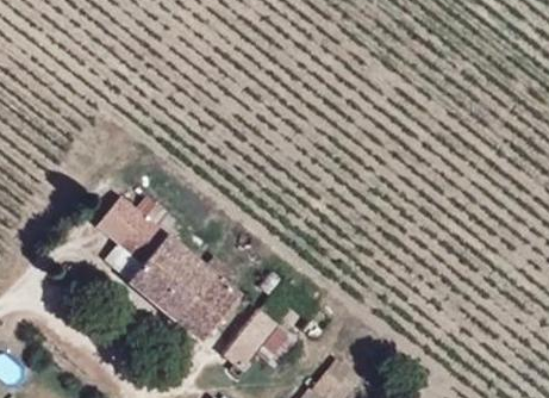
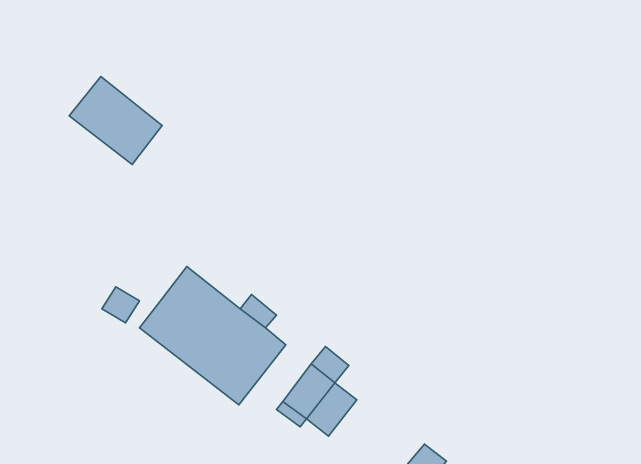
building: [94,197,164,263] -> [69,77,162,165]

